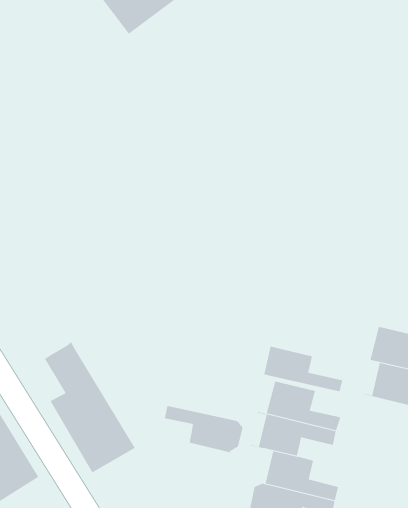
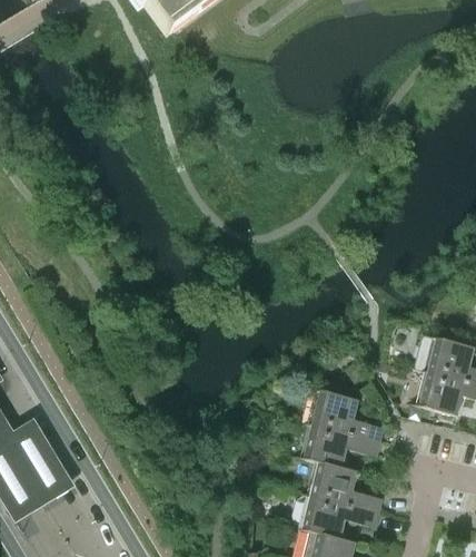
building: [44,341,135,473] -> none
building: [254,344,343,392] -> none
building: [164,405,244,454] -> none

